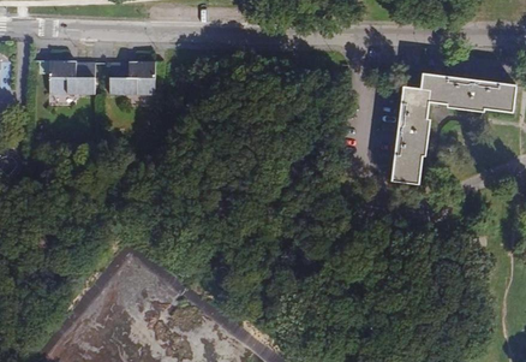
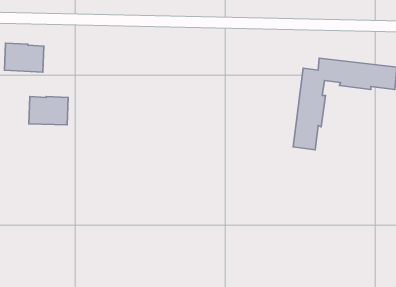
building: [108,61,155,95] -> [29,97,68,125]

